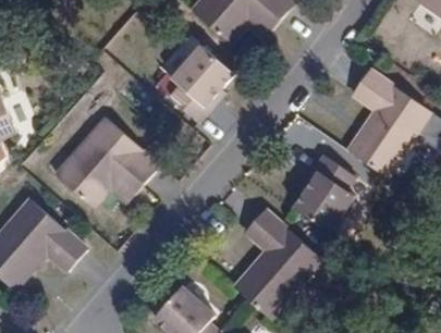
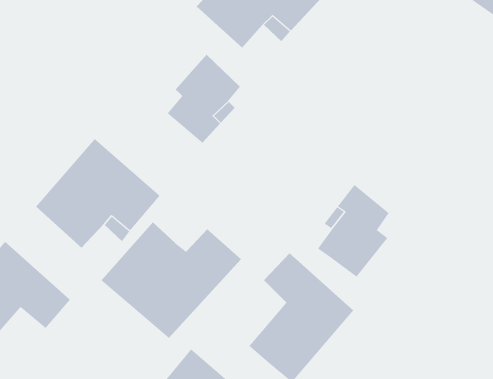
building: [346,69,429,174] -> none
building: none -> [101,222,242,339]

